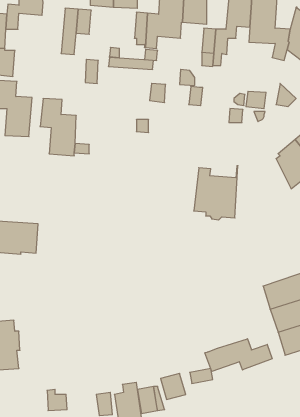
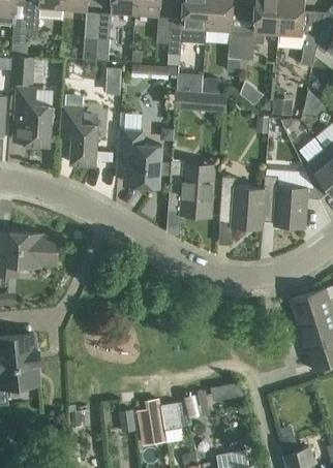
building: none -> [117,129,161,187]
building: none -> [168,161,214,219]
building: none -> [261,176,307,229]
building: [205,339,272,371] -> none

